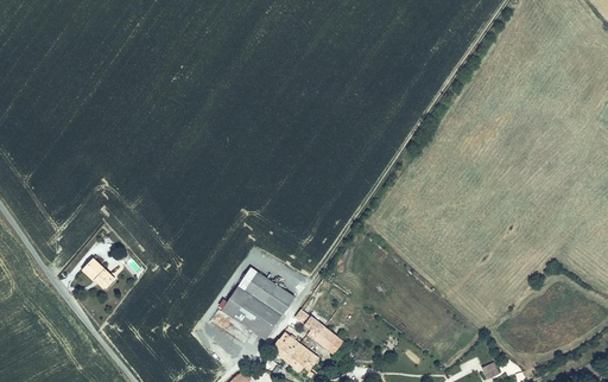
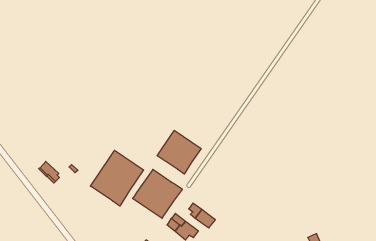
building: none -> [157,130,201,174]
building: none -> [90,150,144,206]

